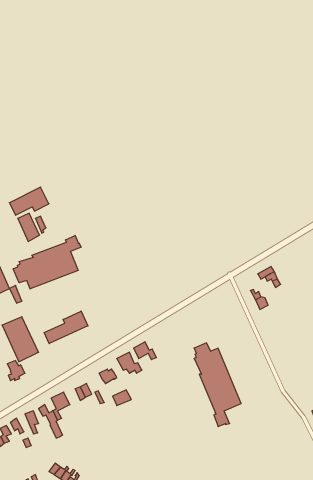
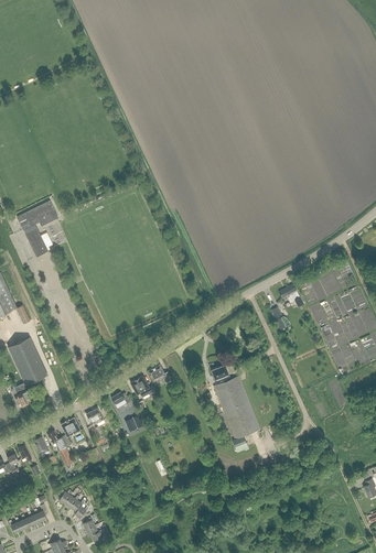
building: [13,235,81,289] -> none
building: [44,311,88,344] -> none

